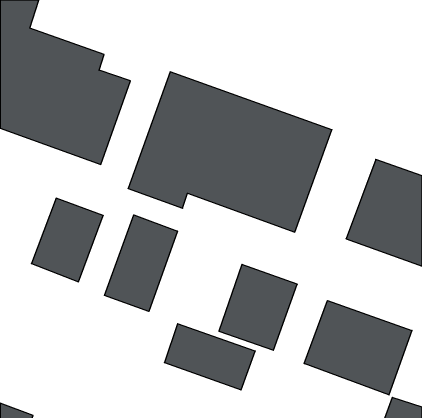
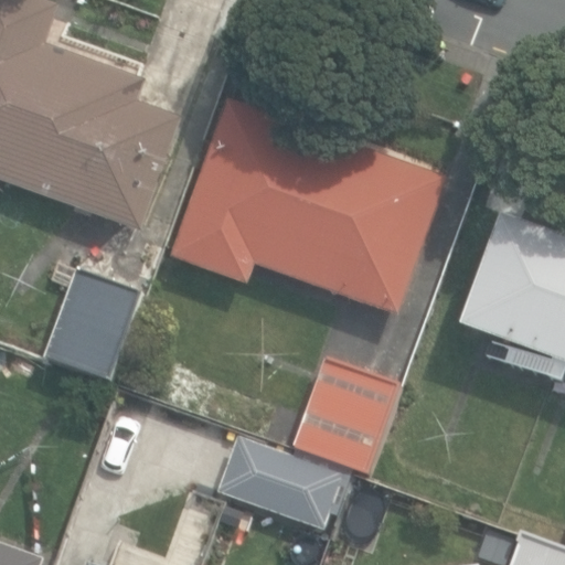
building: [104,215,177,311] -> none
building: [304,301,412,395] -> none

